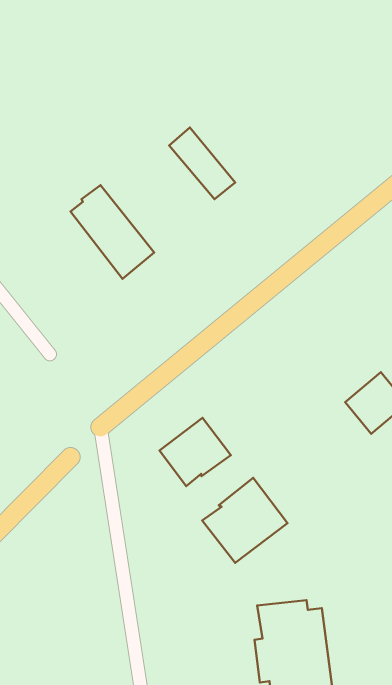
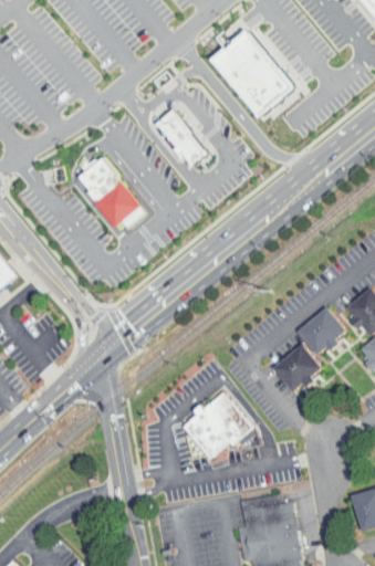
building: none -> [213,32,299,119]
building: [159,418,231,486] -> none
building: none -> [279,347,327,397]

